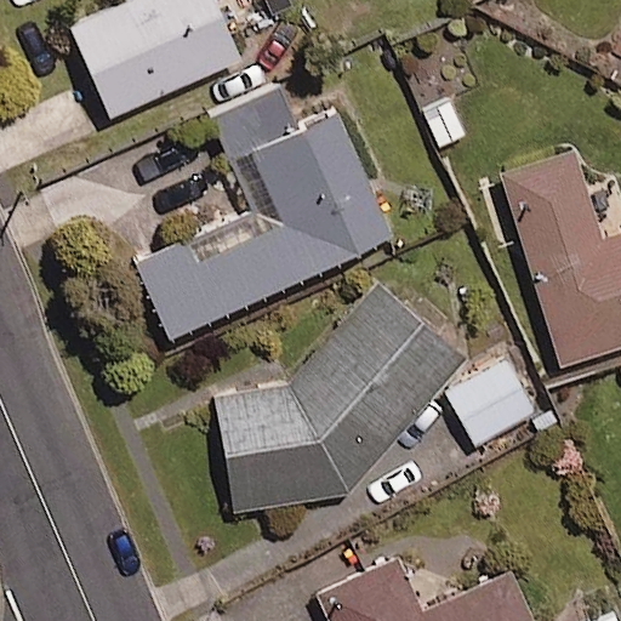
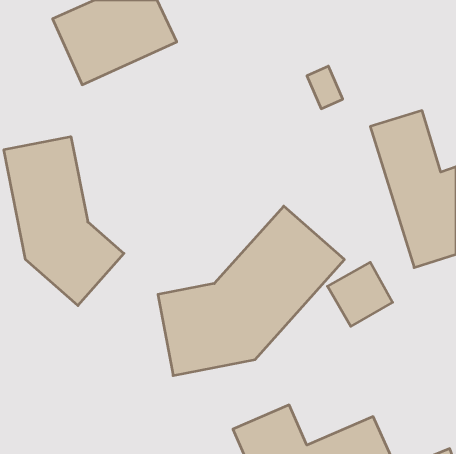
building: [135,85,391,342] -> none
building: none -> [4,137,124,306]

